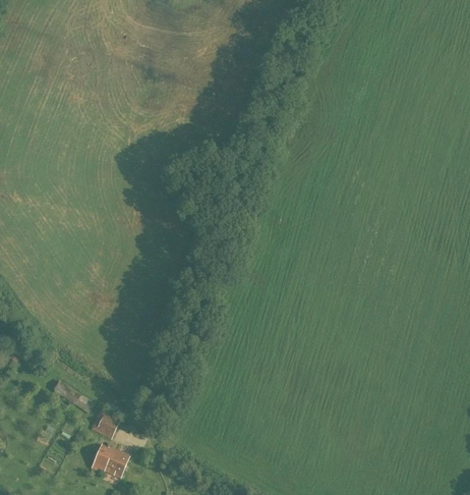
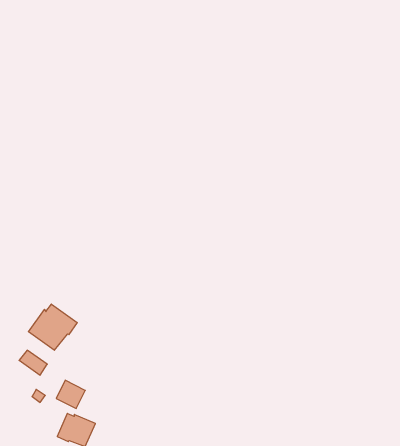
building: none -> [28,304,77,350]

